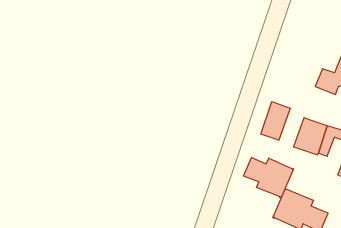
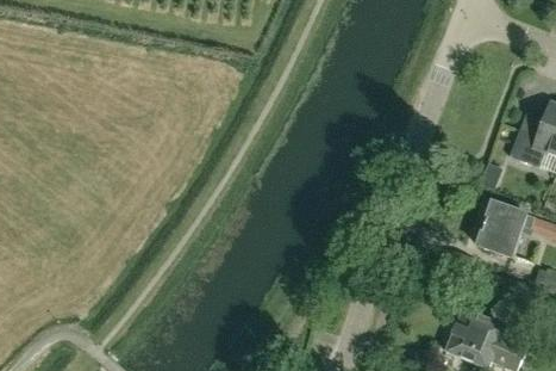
building: [261,102,290,140] -> none
building: [244,157,293,198] -> none

